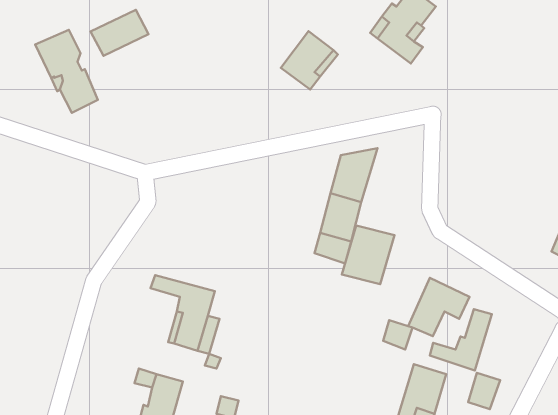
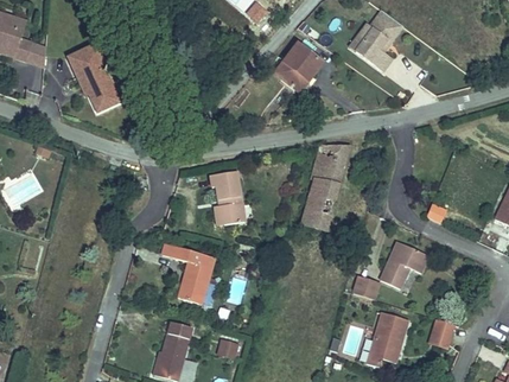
building: [91,10,148,56] -> none
building: none -> [215,171,247,225]
building: [342,225,394,284] -> none
building: [430,309,492,370] -> none

